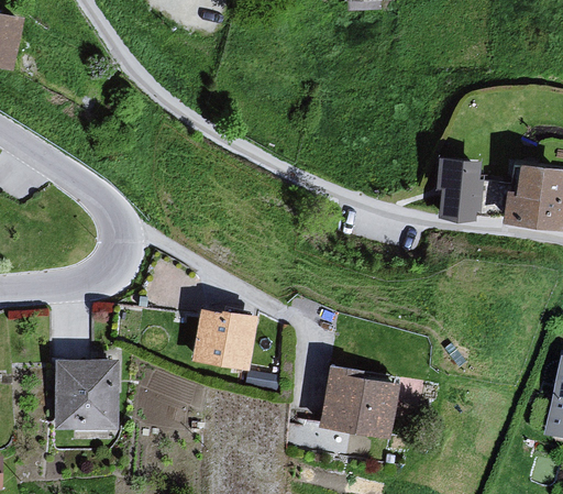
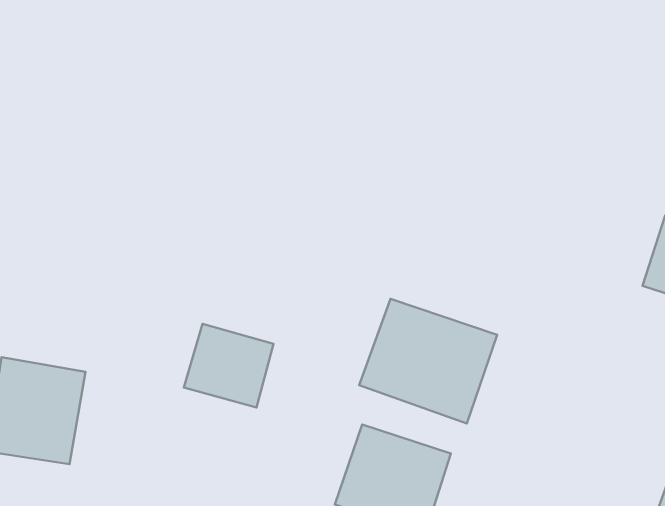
building: [446,164,485,218] -> none
building: none -> [359,299,497,424]

